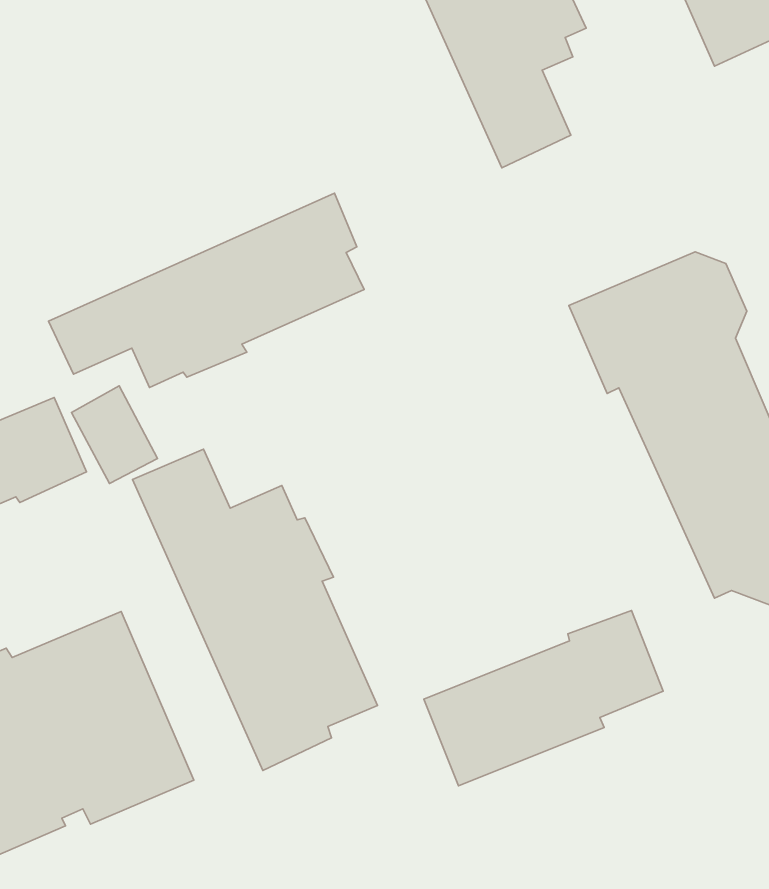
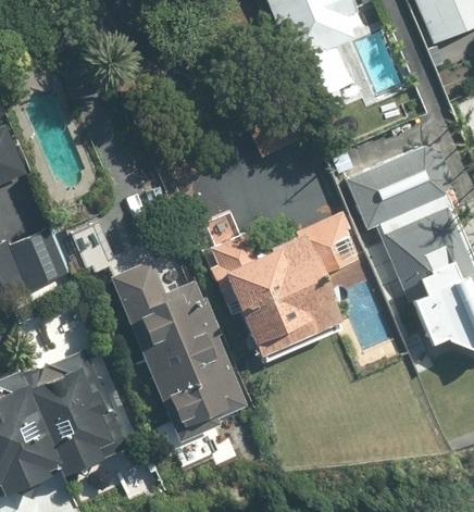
building: [49,193,364,387] -> none
building: none -> [205,211,361,351]
building: [424,610,663,786] -> none

